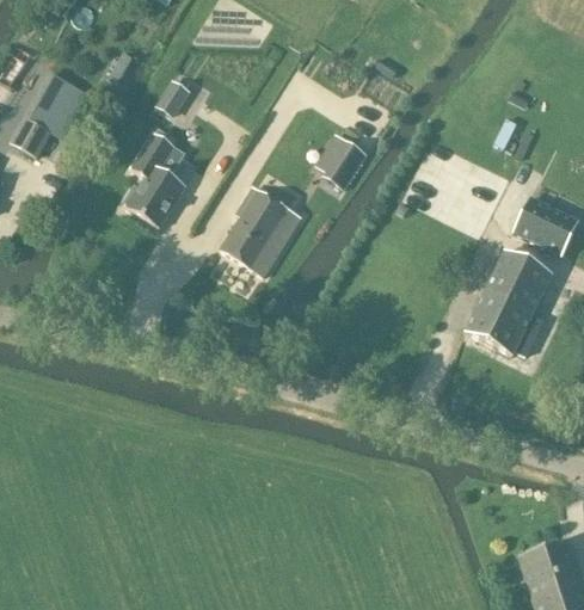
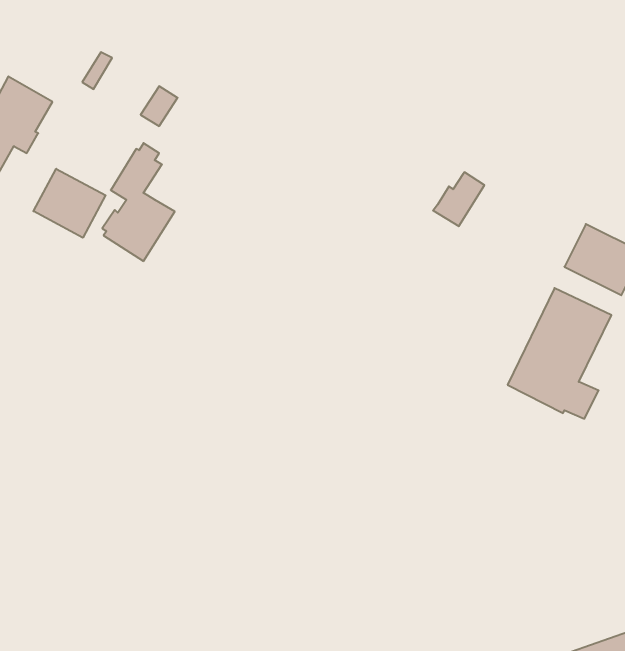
building: [322,142,365,187] -> [433,172,484,226]
building: none -> [33,169,106,238]
building: [220,186,300,276] -> none

